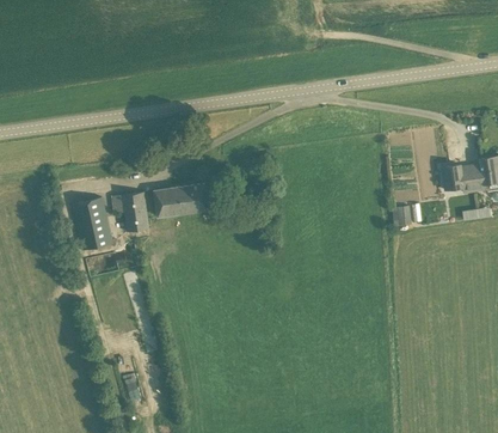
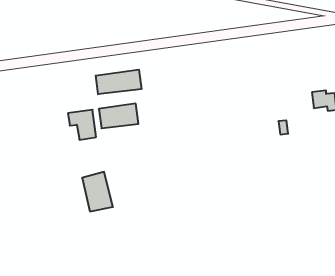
building: none -> [96,70,141,94]
building: [73,196,115,250] -> [82,172,113,211]

